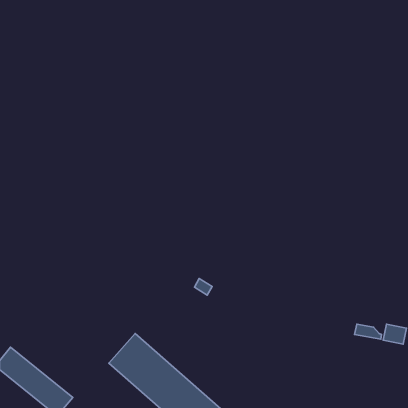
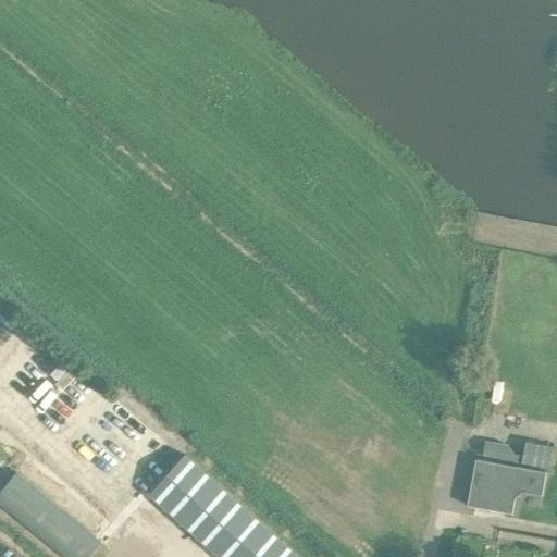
building: none -> [467,460,546,515]

